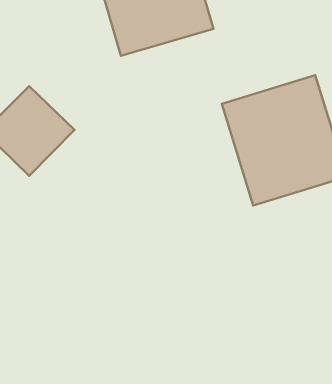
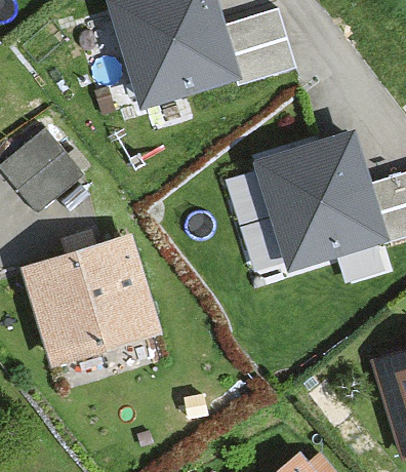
building: none -> [27,247,167,377]

